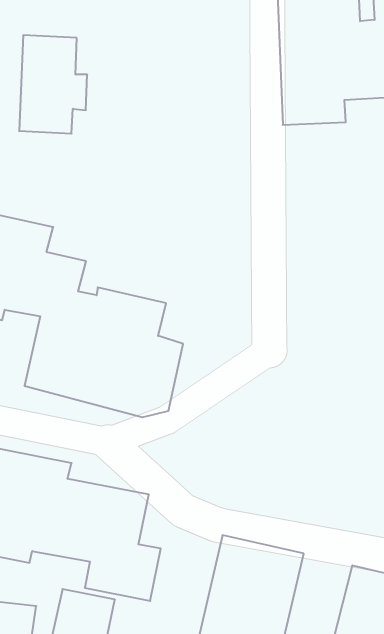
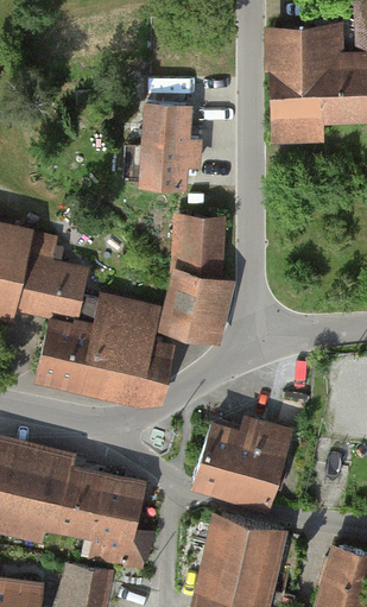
building: [19,35,87,134] -> [143,108,204,197]
building: none -> [159,214,239,344]
building: none -> [194,413,296,507]

